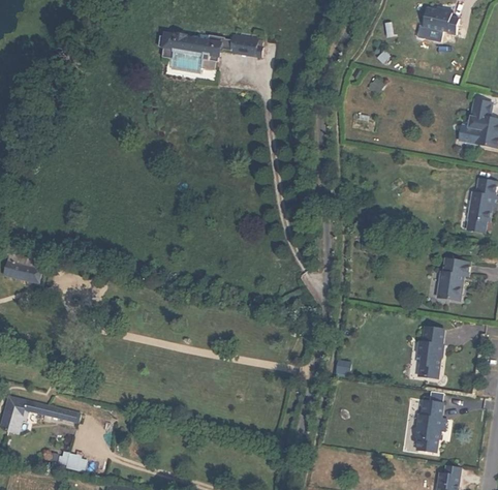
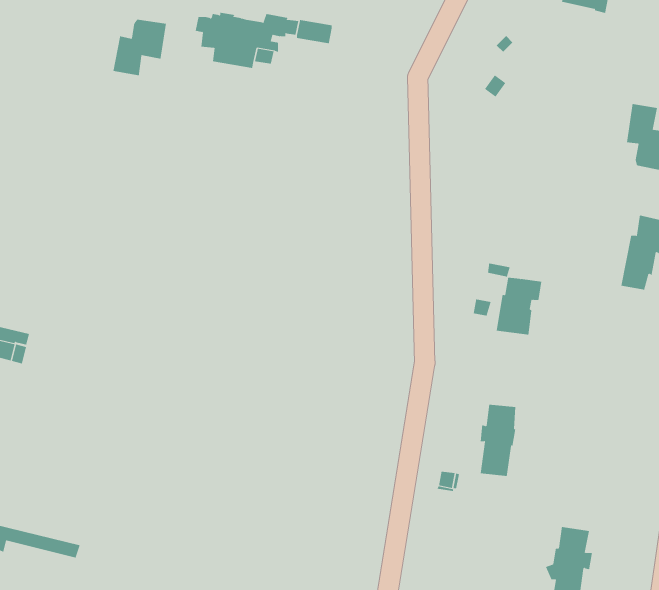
building: none -> [113,19,167,76]
building: [436,258,469,300] -> [496,277,542,335]
building: [417,327,443,378] -> [480,404,516,477]

